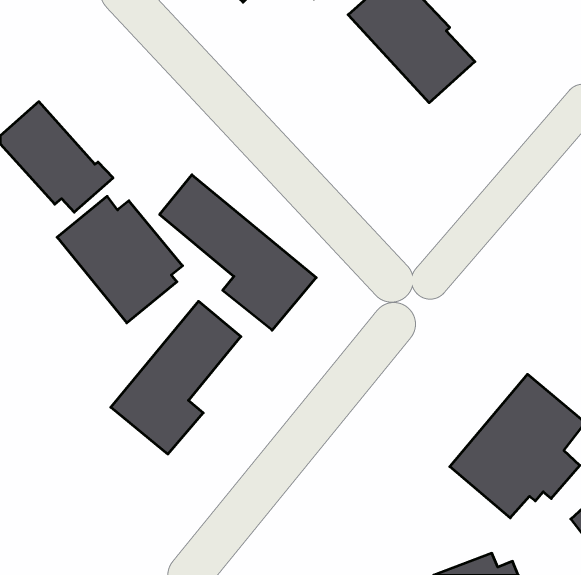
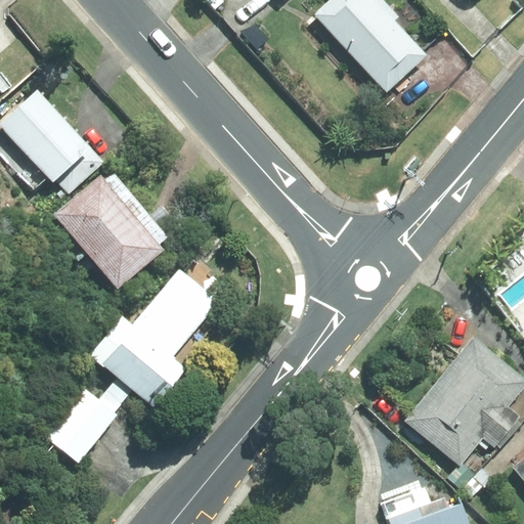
building: [160,175,316,330] -> none
building: none -> [45,382,116,462]

